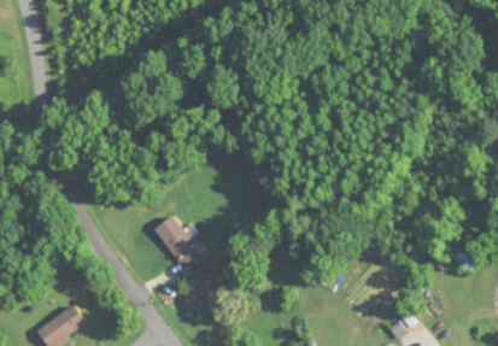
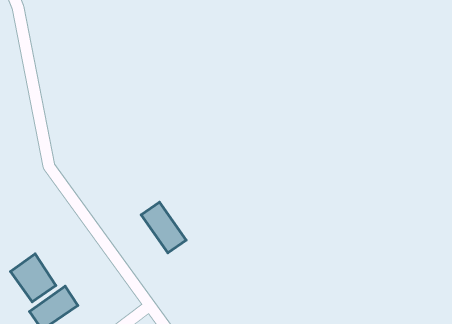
building: none -> [11,254,56,302]

